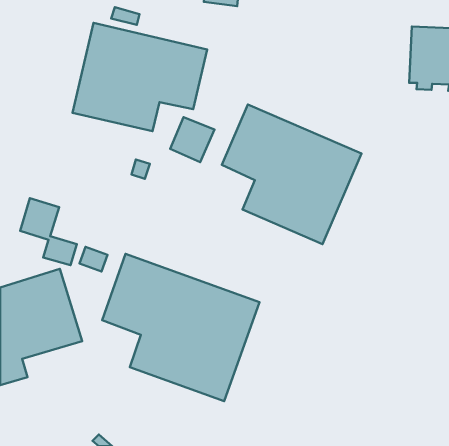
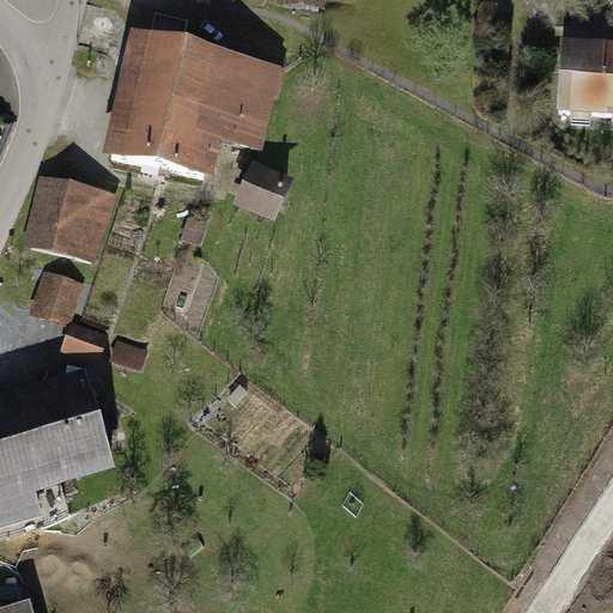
building: [222,105,361,244] -> none
building: none -> [23,174,113,263]
building: [102,254,259,401] -> none

